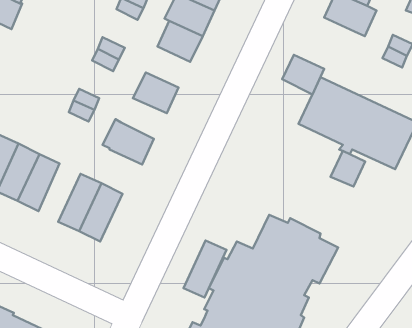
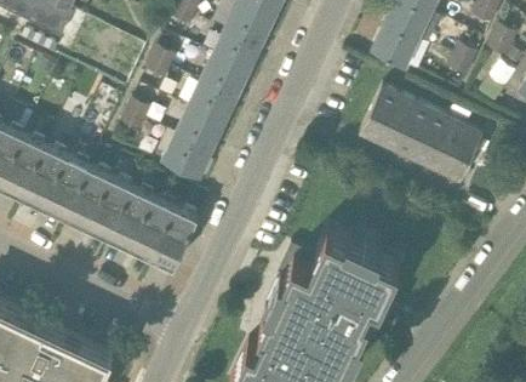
building: none -> [201,53,247,96]
building: [282,55,324,94] -> [375,23,418,64]
building: none -> [176,107,223,149]
building: [331,151,365,187] -> none
building: none -> [90,175,133,235]
building: [183,240,227,298] -> [154,206,199,266]

